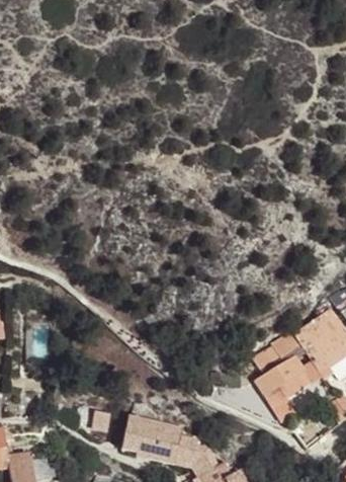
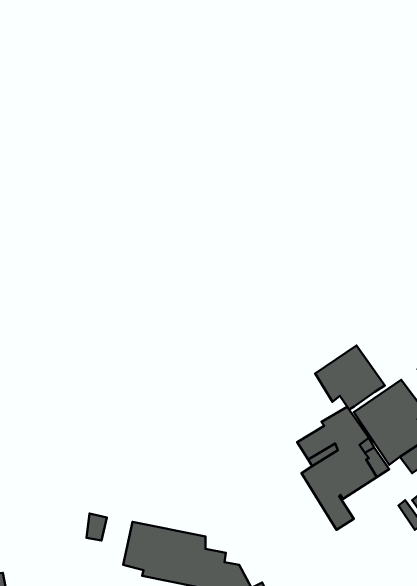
building: none -> [315,345,385,410]

